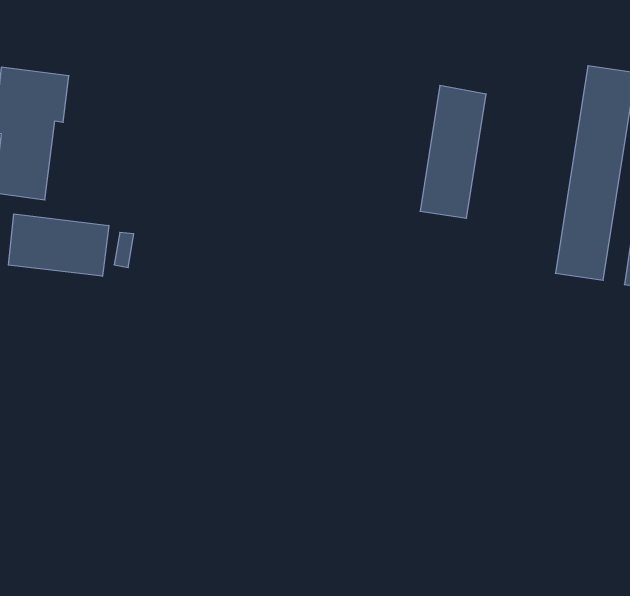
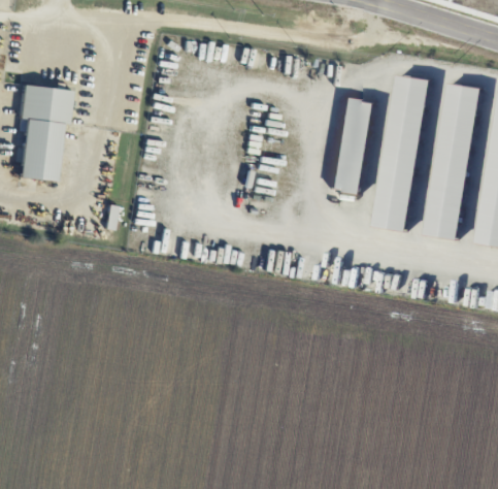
building: none -> [373,73,430,231]
building: [8,214,109,276] -> none

